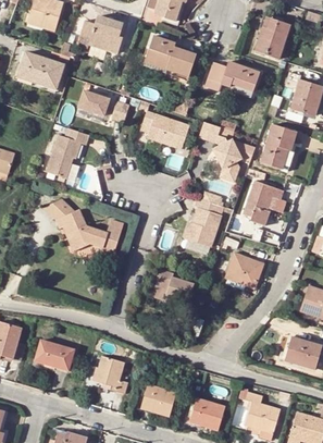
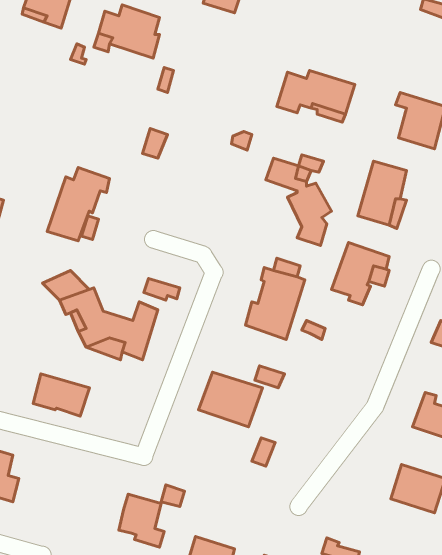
building: [254,17,288,59] -> none
building: [145,35,196,77] -> none
building: [18,52,63,87] -> none
building: [76,89,111,119] -> none
building: [139,111,189,150] -> none
building: [225,253,262,287] -> none
building: [35,340,74,369] -> [33,374,89,416]

